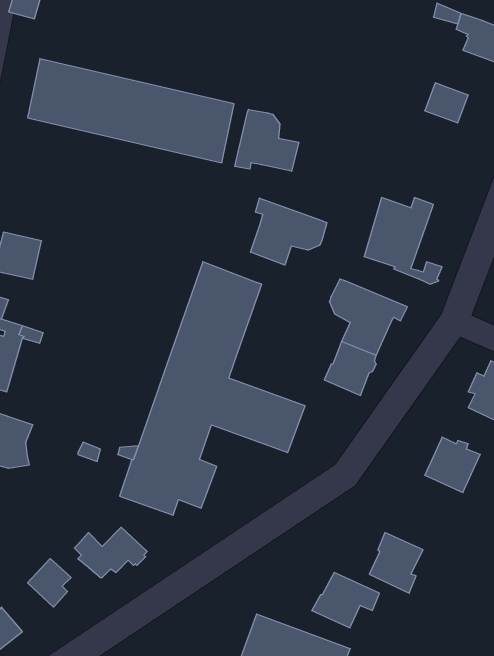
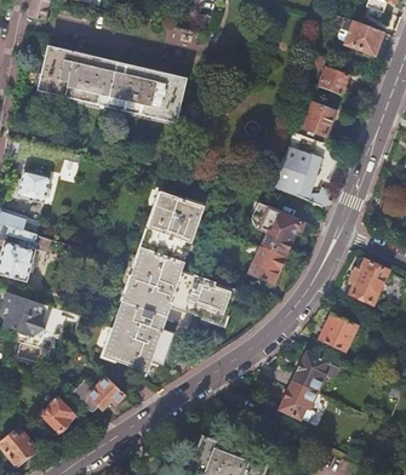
building: [235,109,299,171] -> none
building: none -> [303,102,334,136]
building: [251,198,327,265] -> none
building: [312,572,379,628] -> [290,353,337,391]

